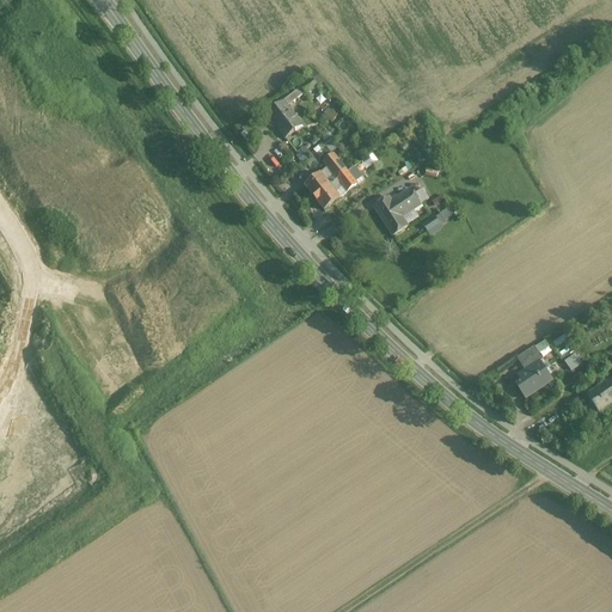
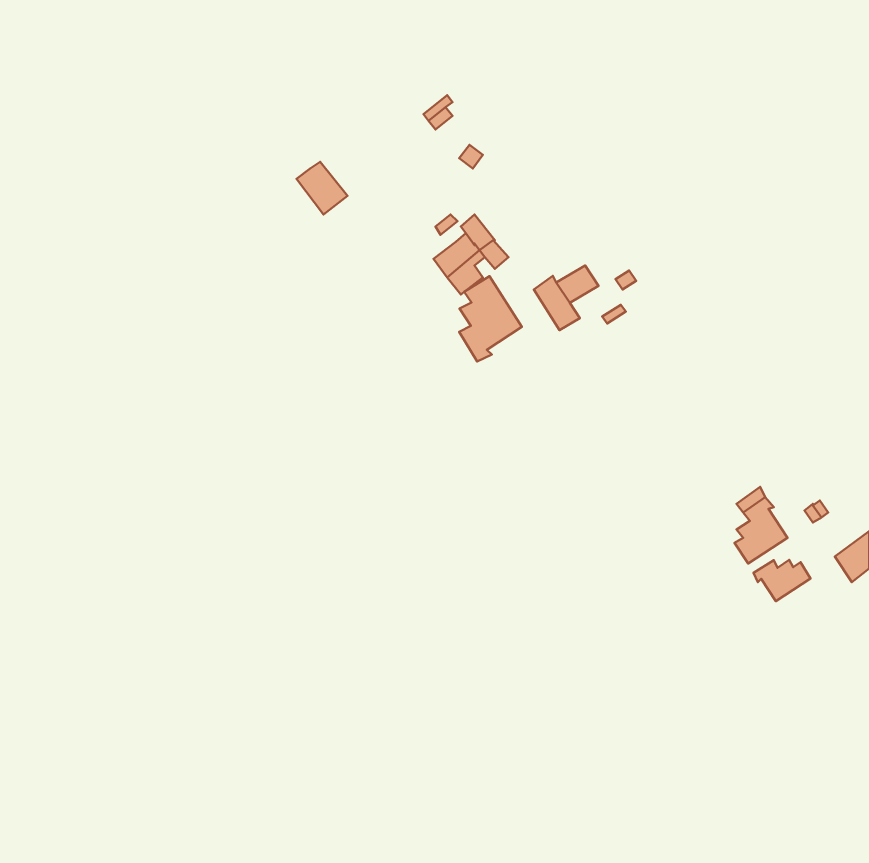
building: [267,98,302,135] -> [296,162,347,214]
building: none -> [459,276,522,362]
building: none -> [753,560,811,601]

